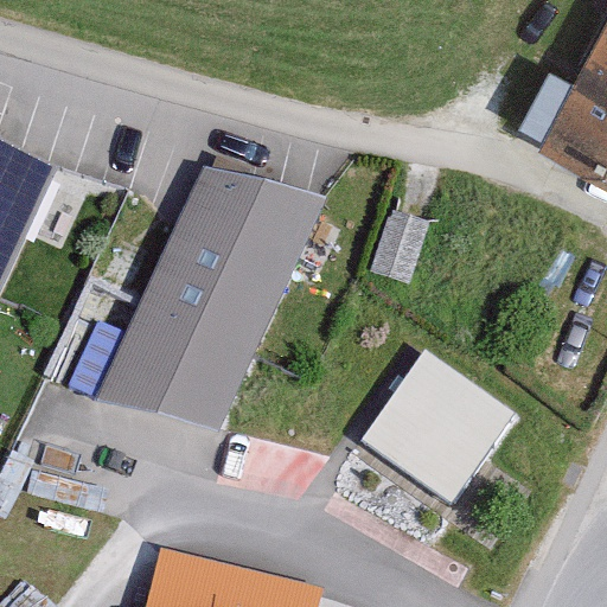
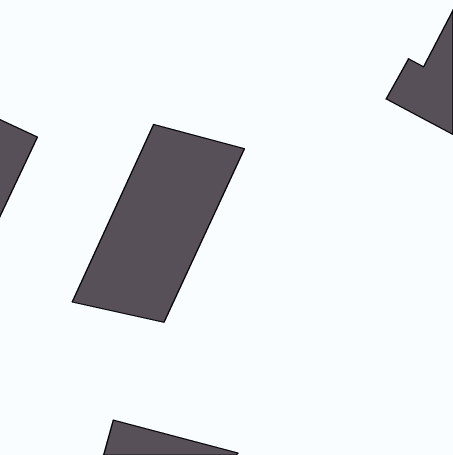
building: [365,345,522,500] -> none

